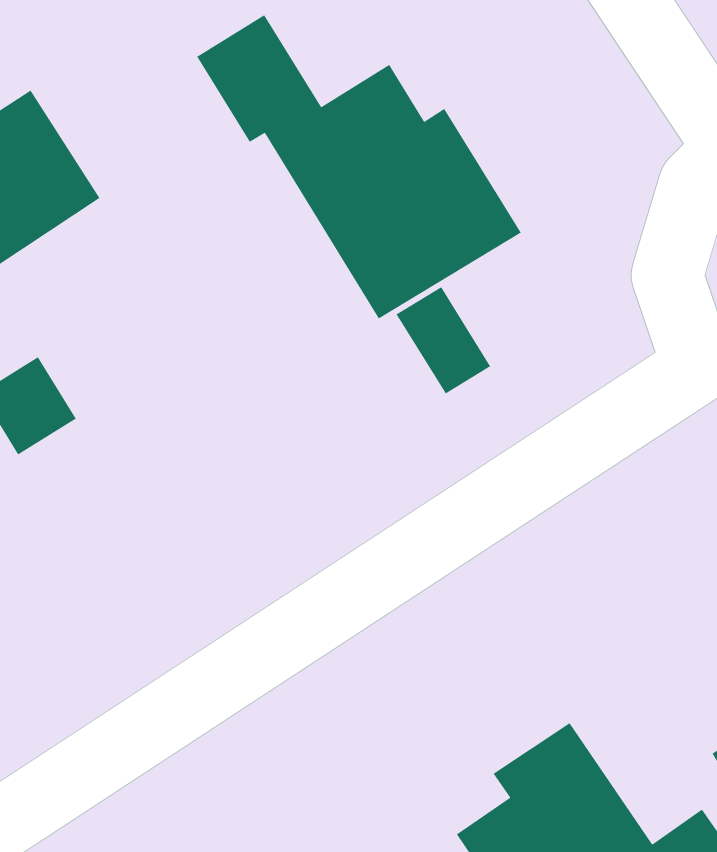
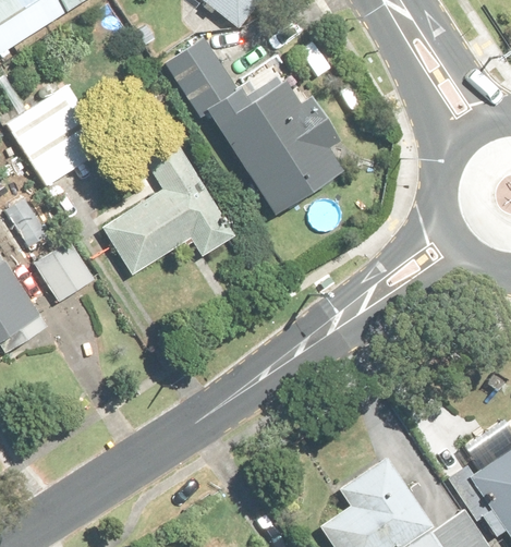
building: none -> [97,139,240,278]
building: [395,286,491,395] -> none

